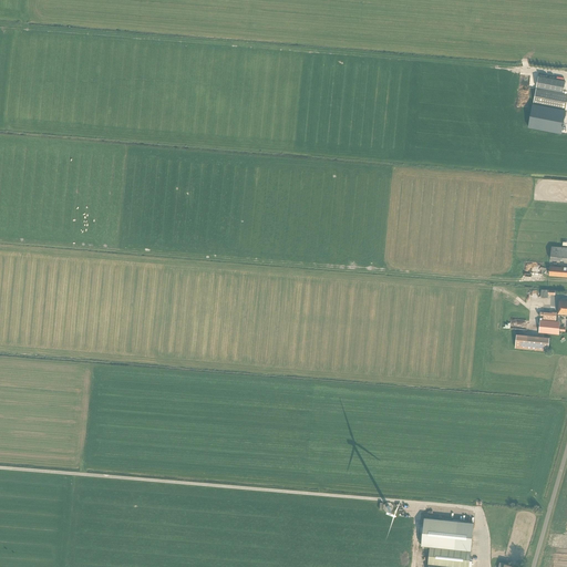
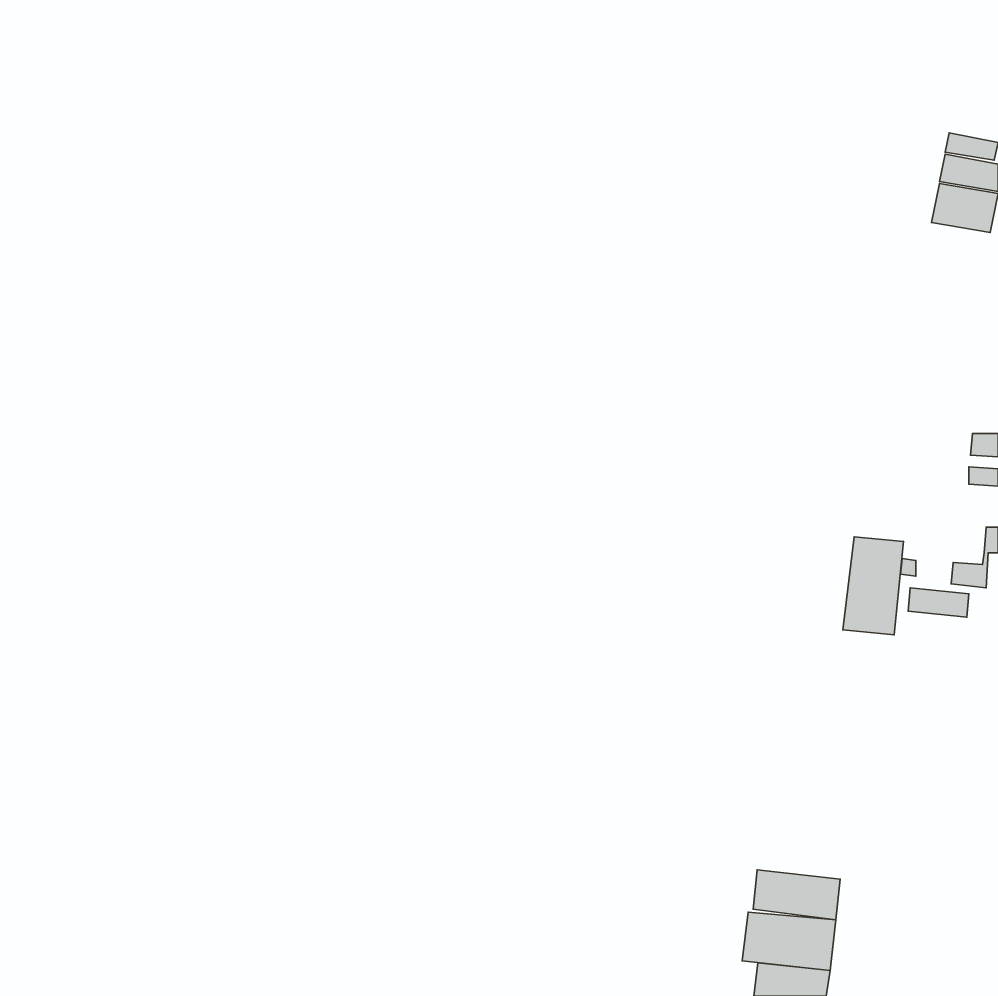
building: none -> [843,537,904,635]
building: none -> [753,870,840,920]

